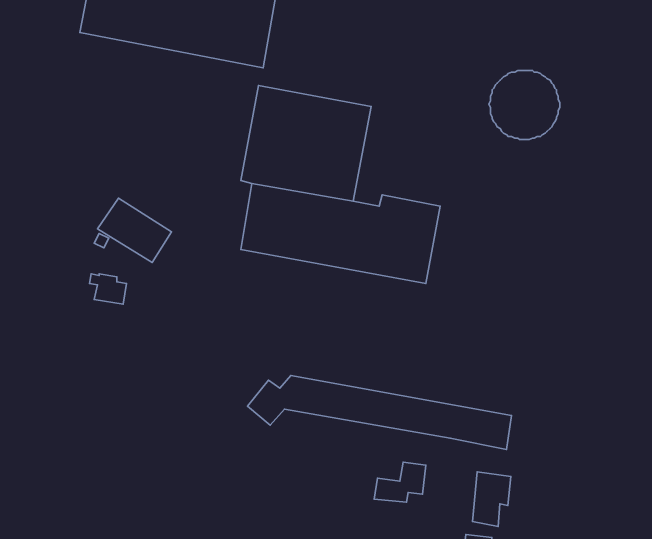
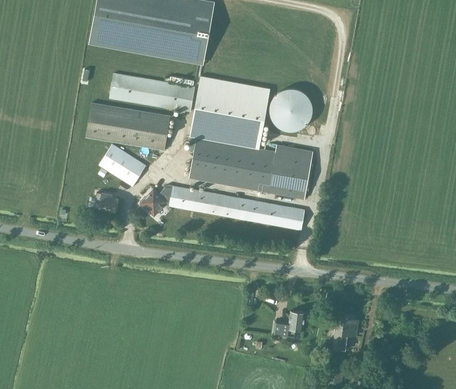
building: [489,70,560,140] -> [269,88,313,131]
building: none -> [112,75,195,114]
building: none -> [85,102,169,149]
building: [248,375,511,449] -> [140,185,304,231]

